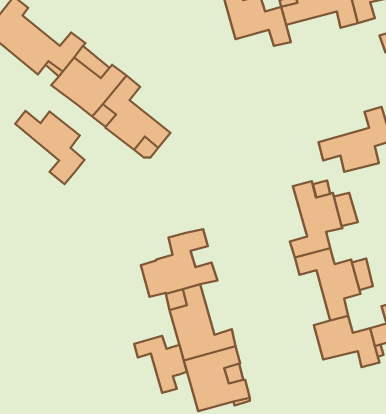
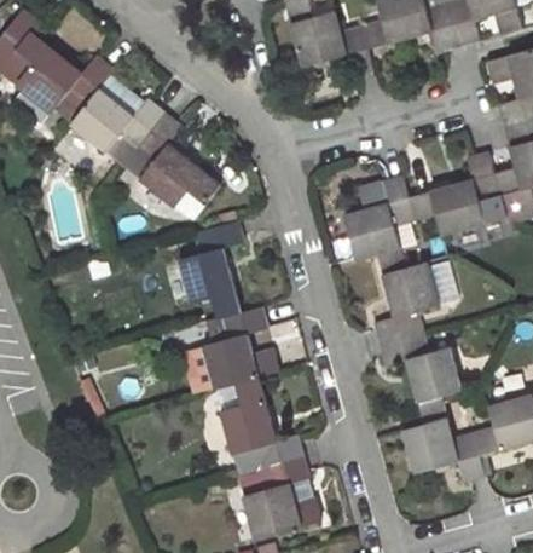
building: [15,111,85,184] -> none
building: none -> [343,175,415,259]
building: none -> [179,220,244,318]
building: [134,336,187,393] -> none

